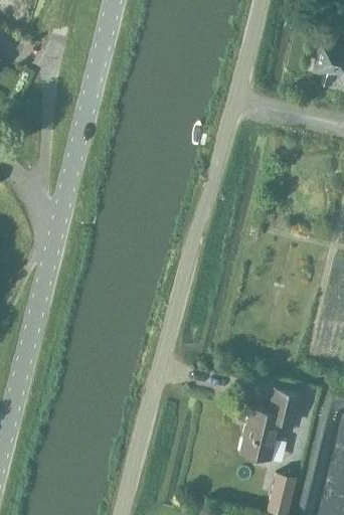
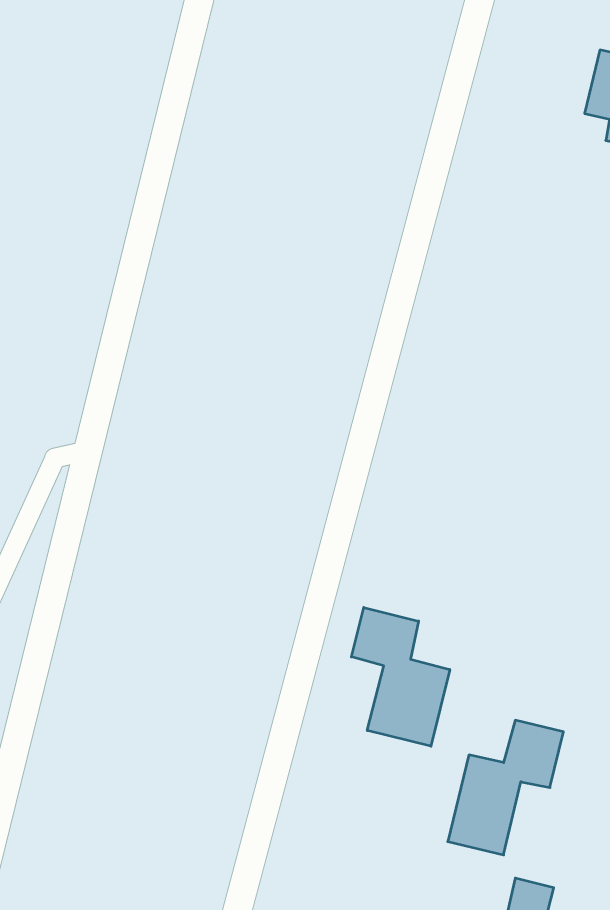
building: none -> [351,607,450,746]

